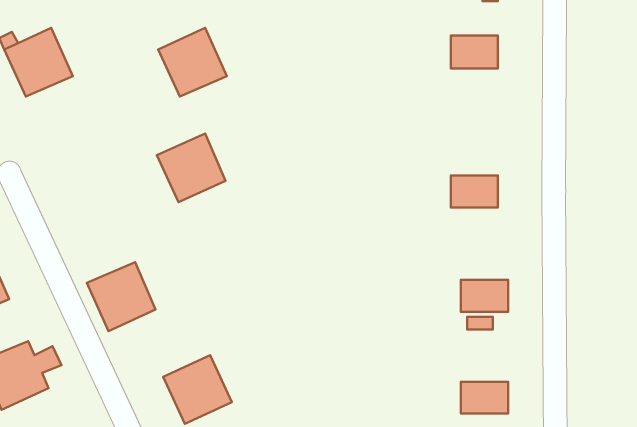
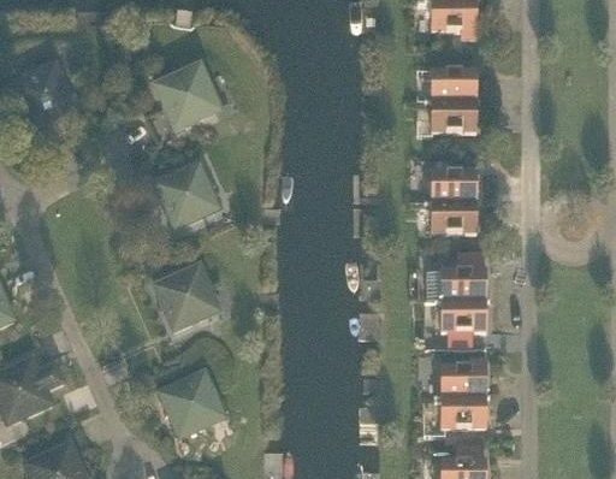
building: none -> [431,100,475,130]
building: none -> [431,170,475,201]
building: none -> [440,268,485,300]
building: [87,262,156,331] -> [153,264,218,329]
building: none -> [440,357,485,396]

